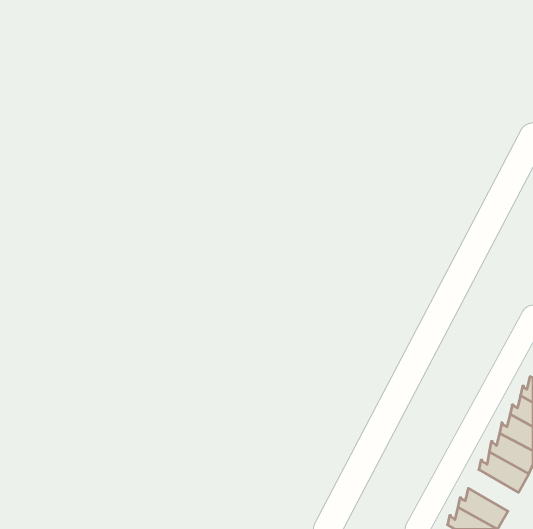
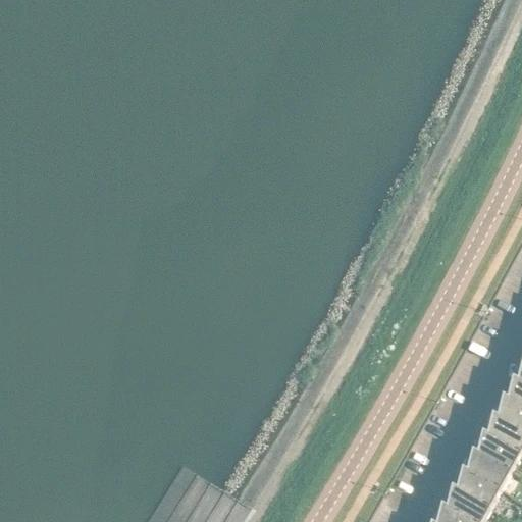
building: none -> [458,459,507,500]

